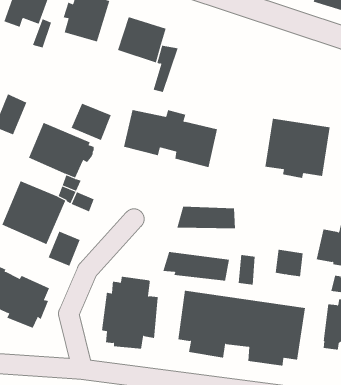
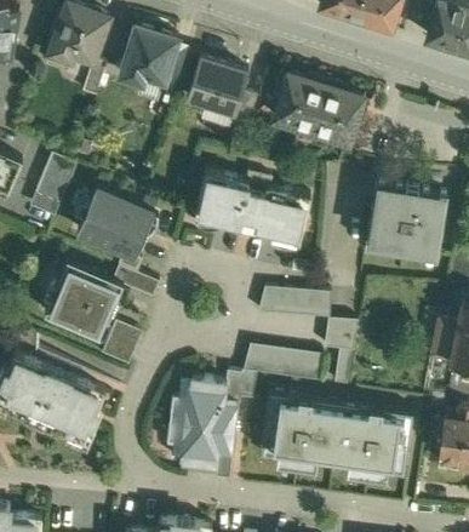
building: none -> [274,74,367,144]
building: [71,103,112,141] -> none
building: [275,249,304,277] -> [325,319,360,353]
building: none -> [225,371,257,404]

